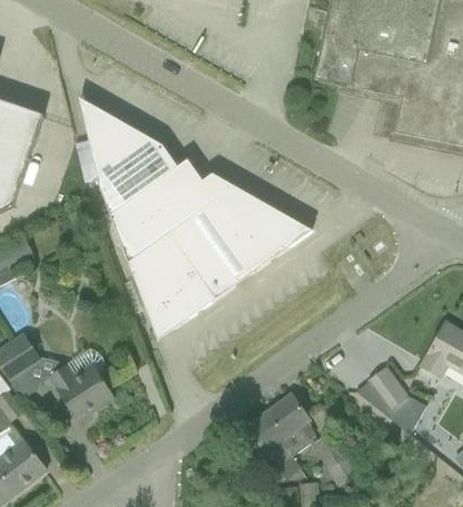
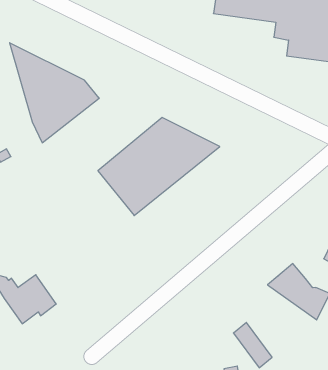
building: [110,158,248,340] -> none
building: [247,393,309,477] -> none

